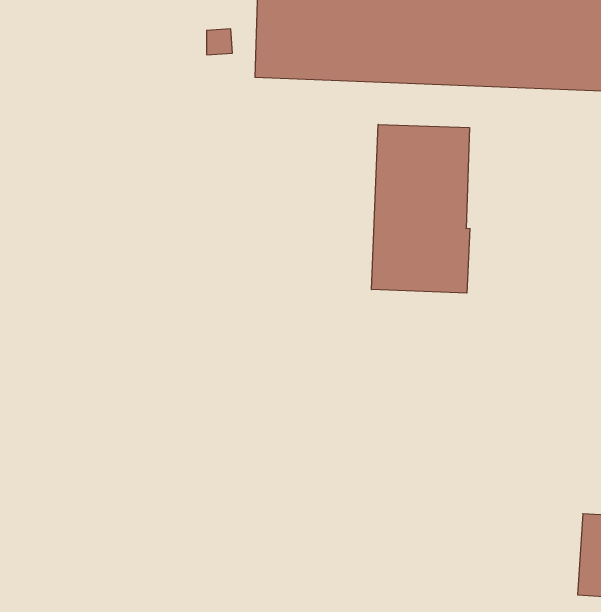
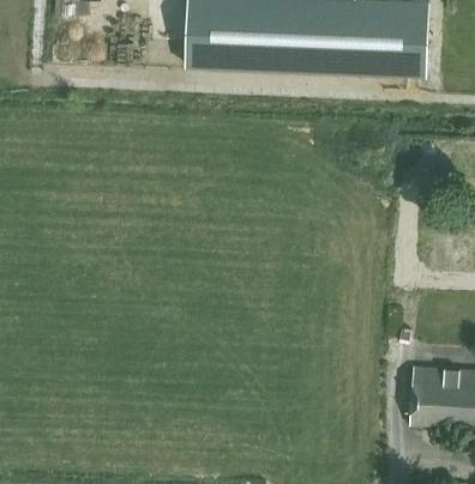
building: [372,124,470,293] -> none

